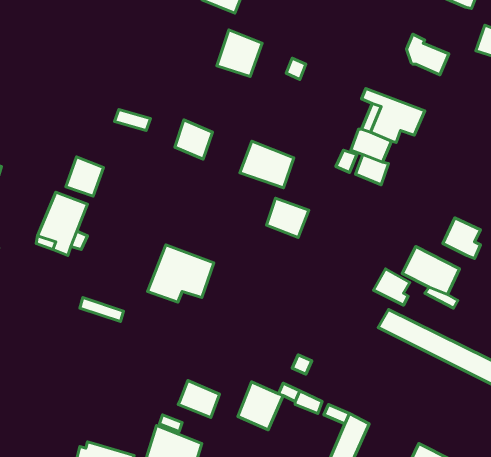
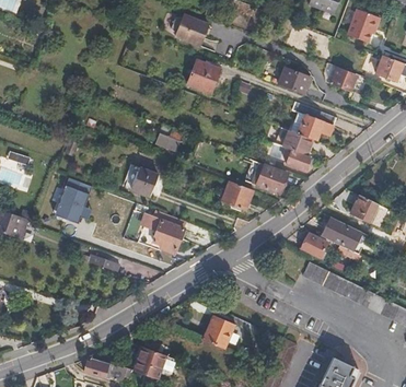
building: none -> [277,64,310,94]
building: [240,141,294,188] -> [248,159,288,192]
building: [66,157,104,196] -> [131,166,159,195]
building: [178,380,220,417] -> none

